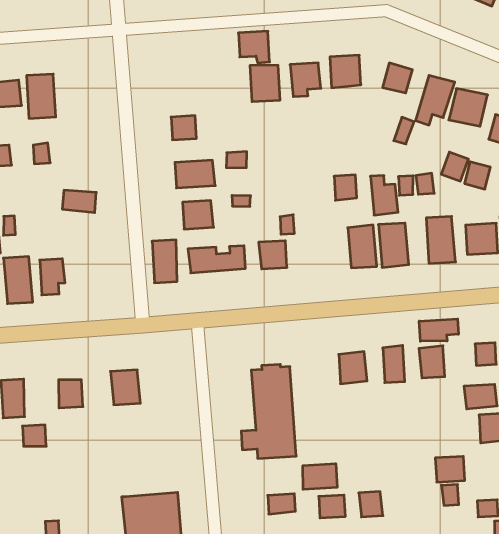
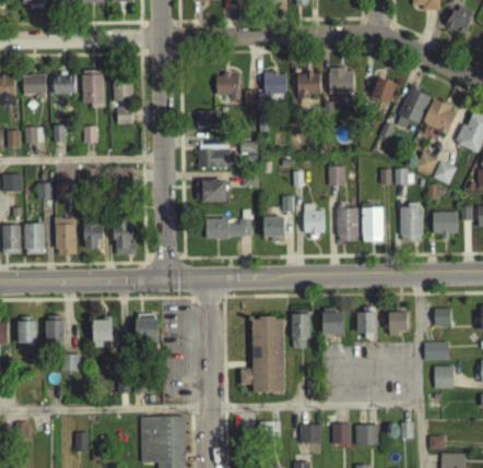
building: [238,31,270,63] -> [216,74,240,99]
building: none -> [113,75,132,123]
building: [370,176,398,215] -> [304,203,325,235]
building: [152,240,177,283] -> [115,220,134,254]
building: [419,319,458,341] -> none
building: none -> [293,310,311,349]
building: [435,456,465,482] -> [356,425,379,445]
building: [303,464,337,489] -> none

